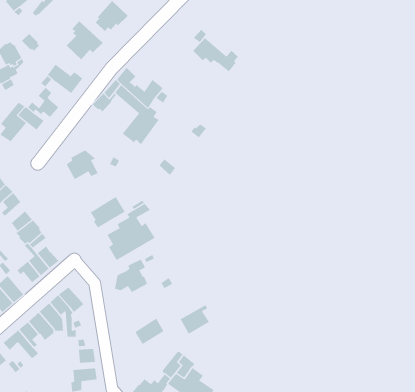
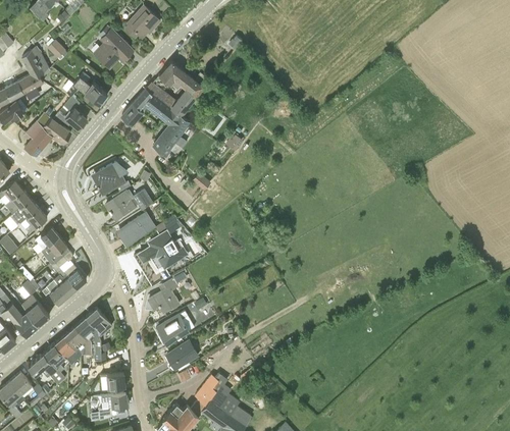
building: [192,37,239,72] -> [158,61,207,98]
building: none -> [106,190,153,220]
building: [180,305,210,334] -> [157,312,189,343]

